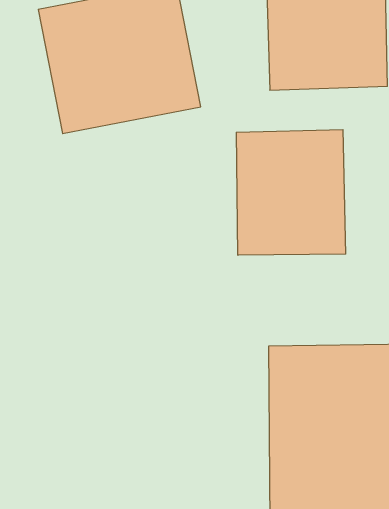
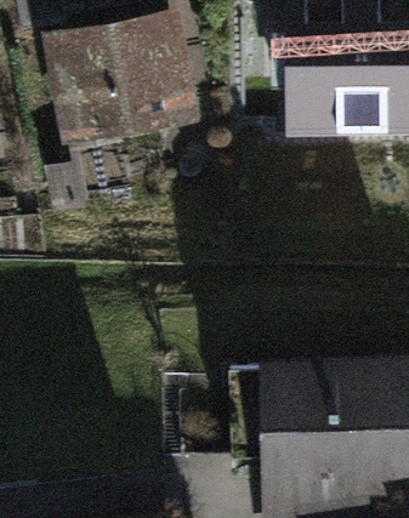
building: [236,130,346,255] -> none

